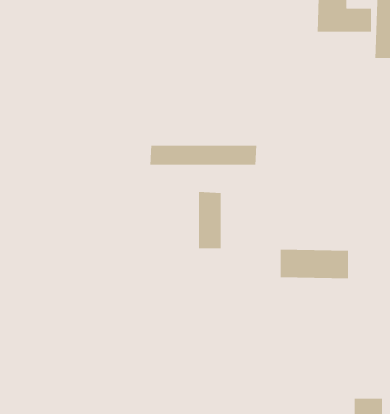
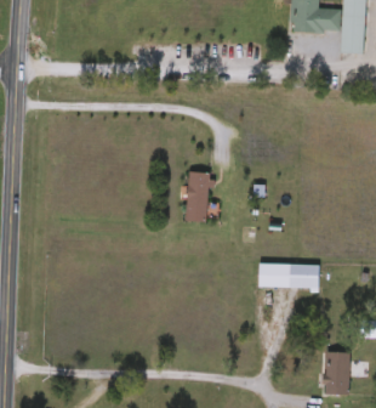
building: [149,145,257,166] -> none
building: [280,249,349,279] -> [258,262,319,289]

